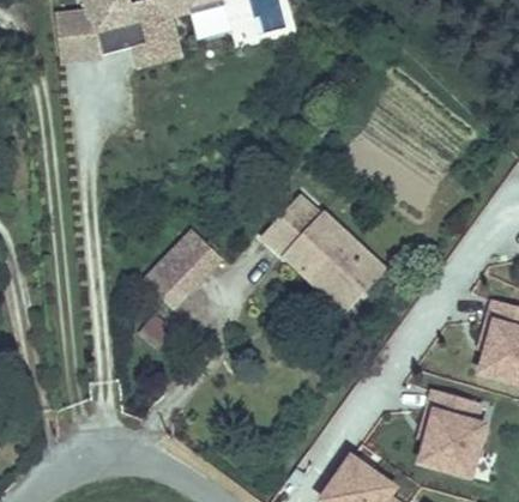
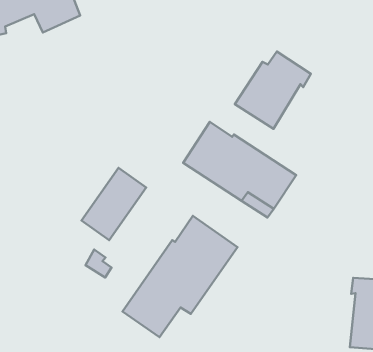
building: none -> [235,51,311,129]
building: none -> [122,216,238,337]

